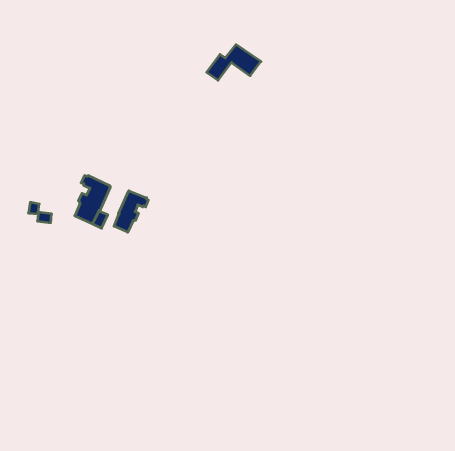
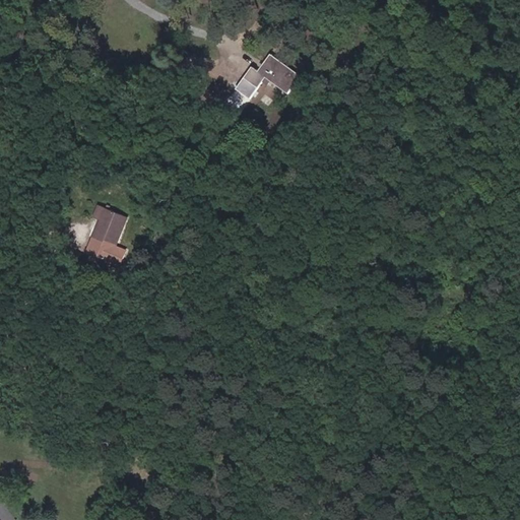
building: [114,191,148,232] -> none

